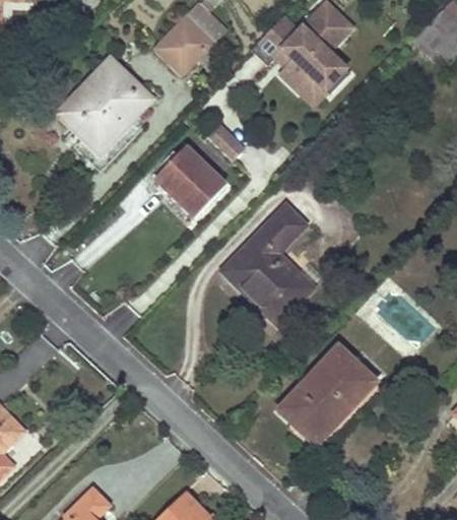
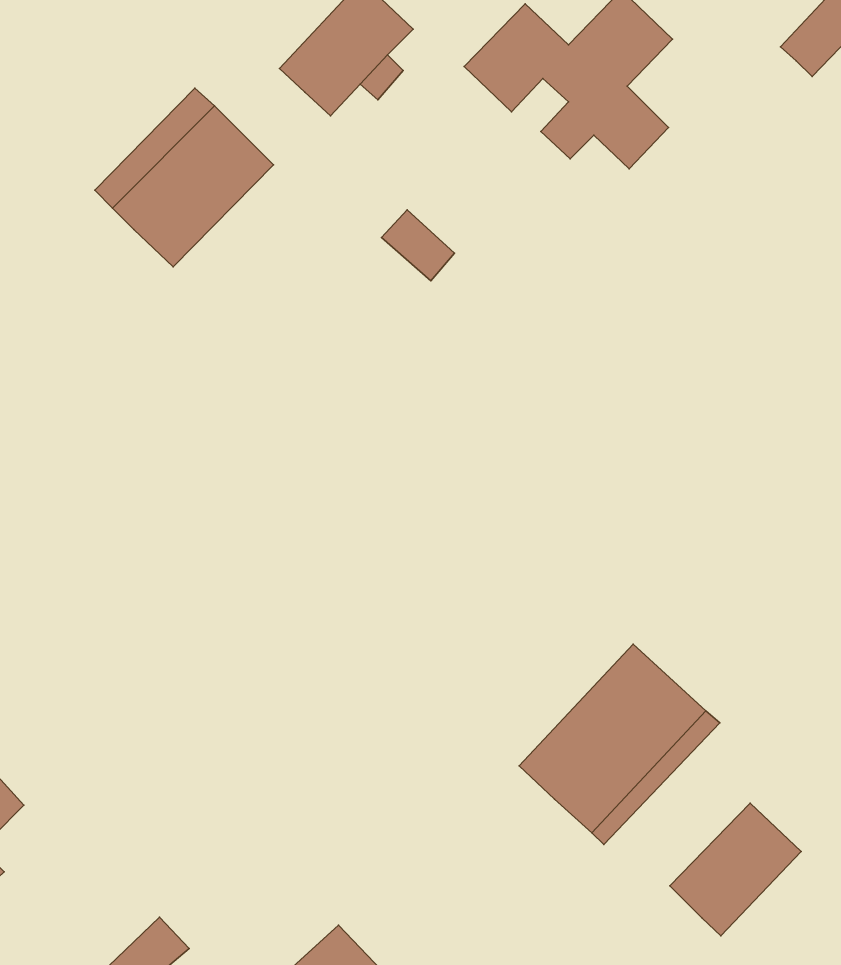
building: [155,145,223,213] -> none
building: [223,205,312,322] -> none
building: none -> [670,803,801,936]

